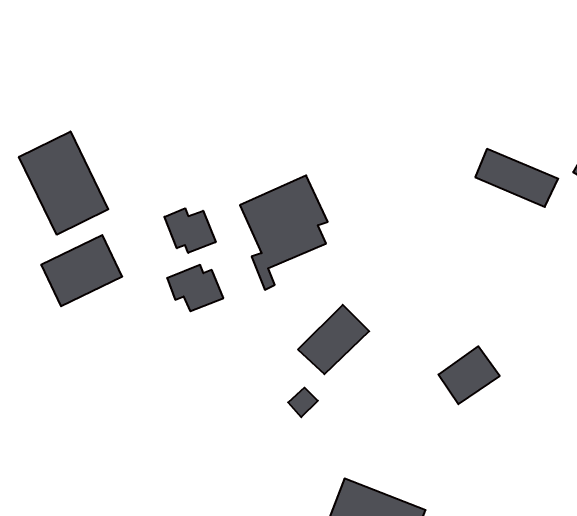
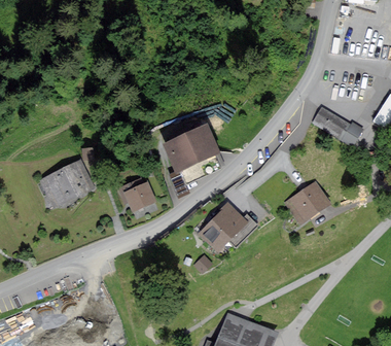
building: [19,131,108,235] -> none
building: [164,208,216,253] -> none
building: [438,346,500,404] -> [289,184,327,220]

